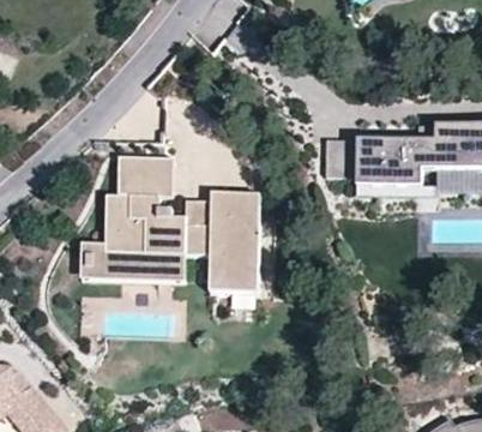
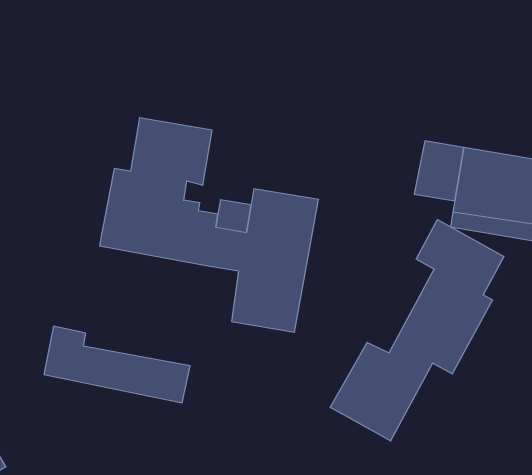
building: none -> [330,220,504,441]
building: [79,242,183,282] -> [44,326,190,403]

